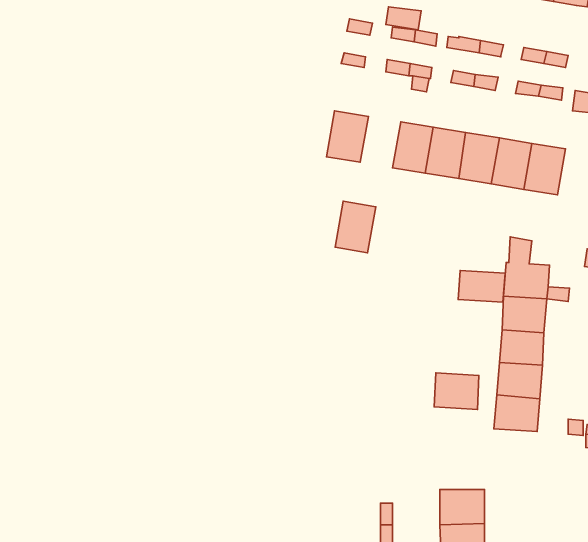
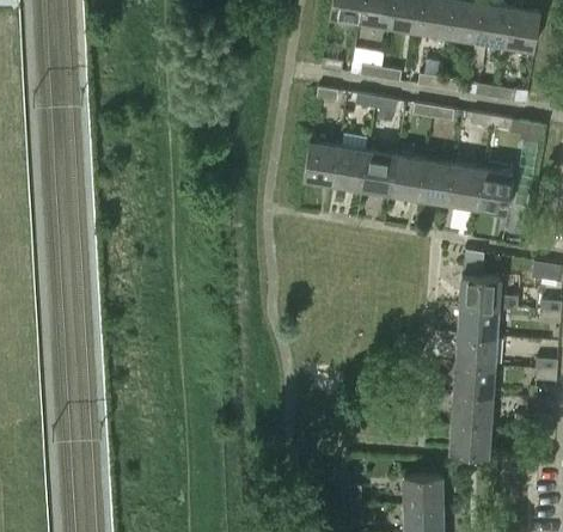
building: [335,201,376,253] -> [333,146,369,191]
building: [458,270,505,302] -> none
building: [434,373,479,409] -> [451,422,490,454]

